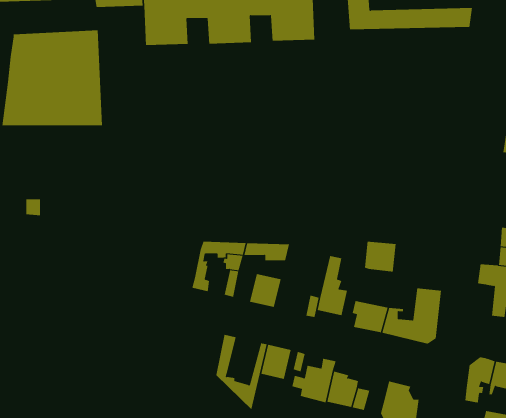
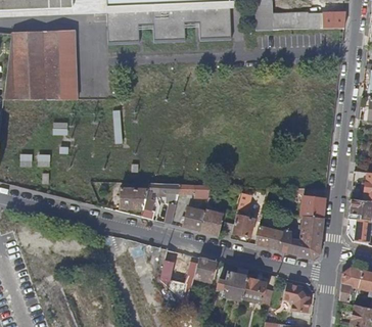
building: [364,241,396,272] -> [303,195,326,218]
building: none -> [121,184,148,208]
building: none -> [202,196,224,234]

